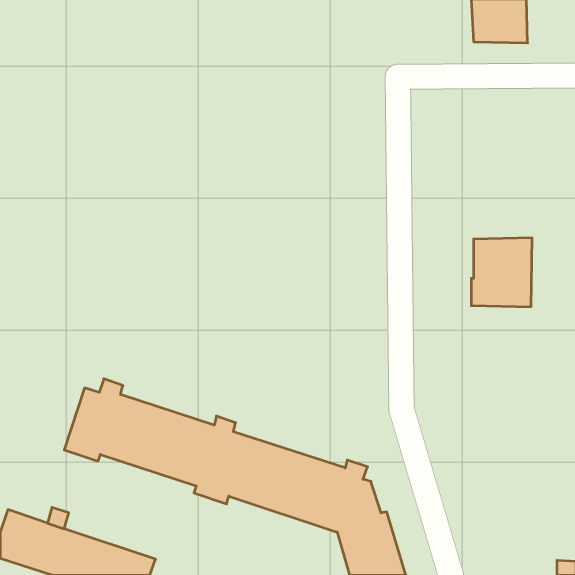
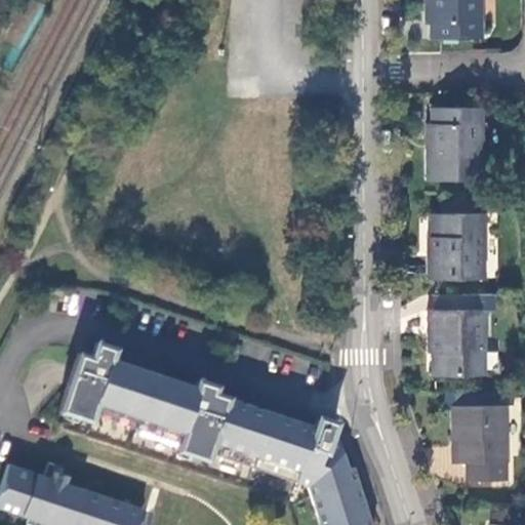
building: none -> [428,115,484,180]
building: none -> [429,310,486,374]
building: none -> [454,405,509,481]

